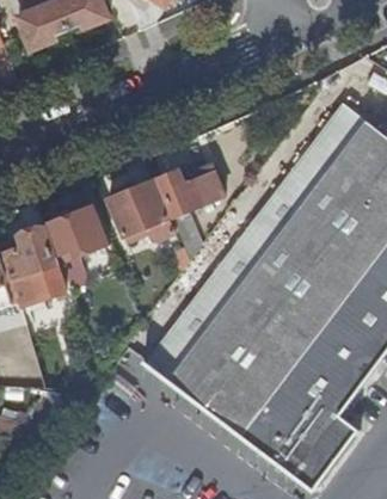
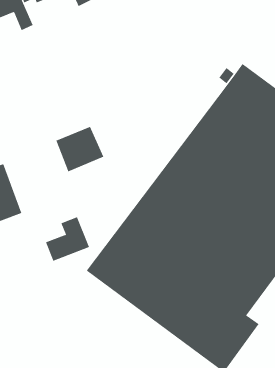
building: [158,166,225,217] -> none
building: [50,207,106,263] -> [45,217,90,261]

